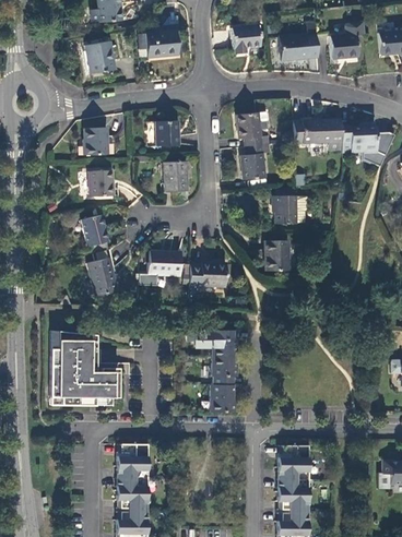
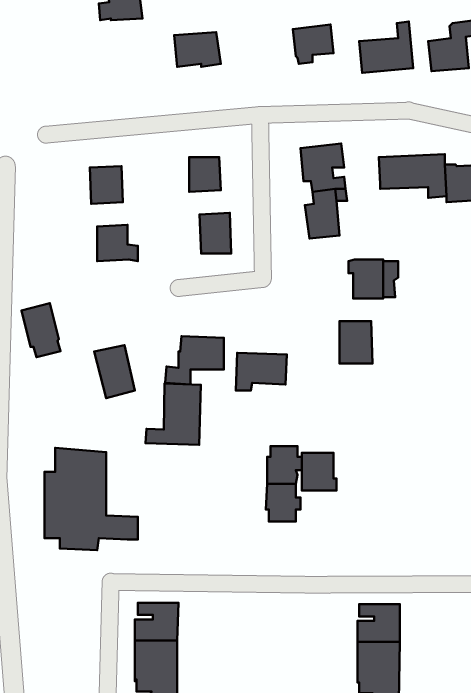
building: [85,40,115,72] -> none
building: [81,213,109,252] -> [21,303,60,357]
building: none -> [146,384,201,445]
building: [211,384,236,411] -> [302,453,337,491]

